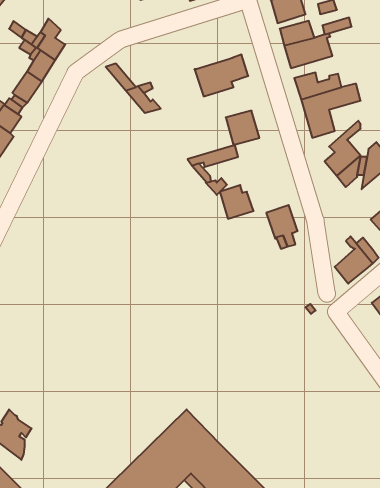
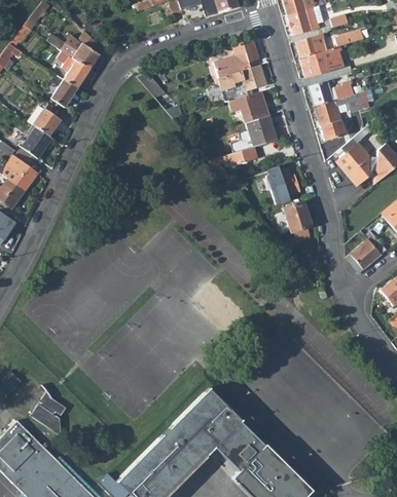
building: none -> [215,39,259,77]
building: none -> [226,91,268,122]
building: [220,185,254,219] -> [269,167,300,198]

